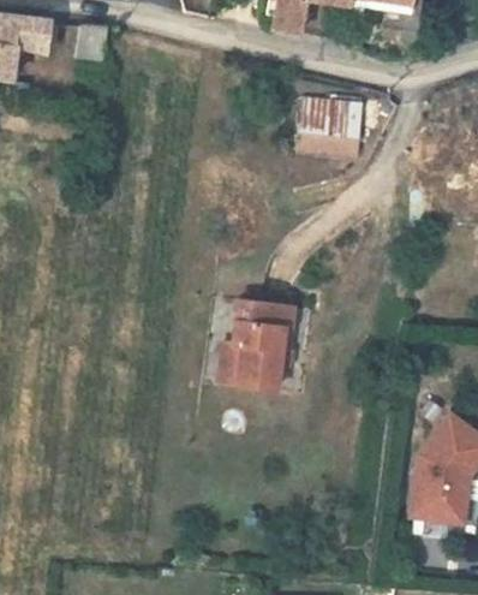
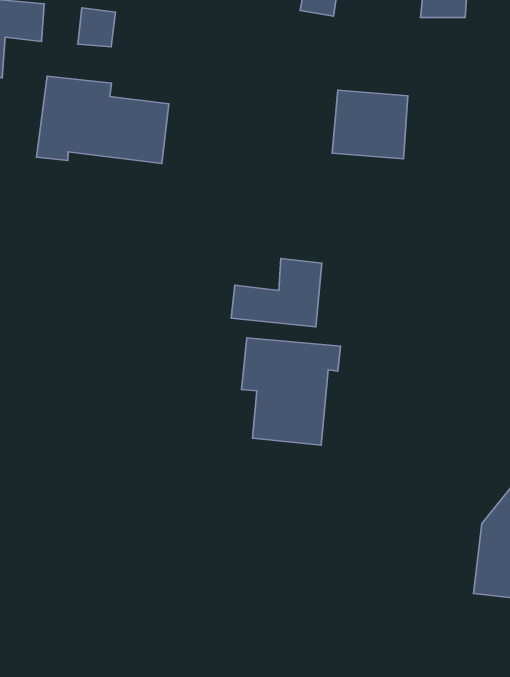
building: none -> [36,76,169,163]
building: none -> [231,259,322,327]

